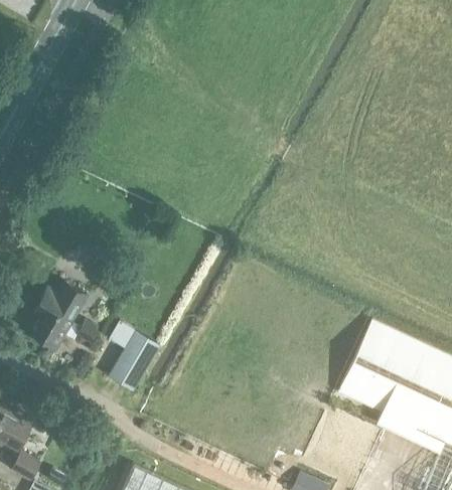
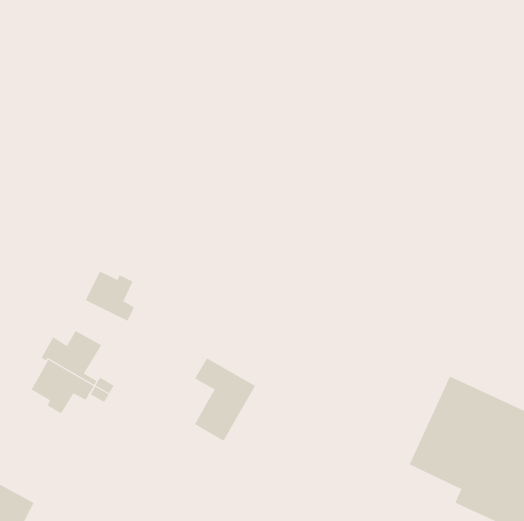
building: none -> [85,271,135,321]
building: [109,323,159,391] -> [194,358,256,441]

